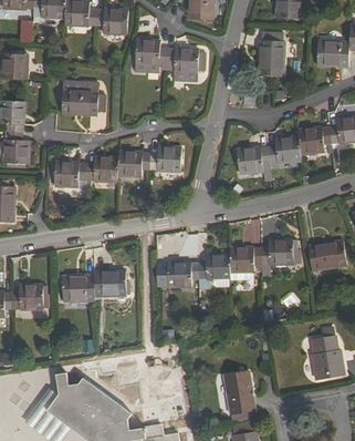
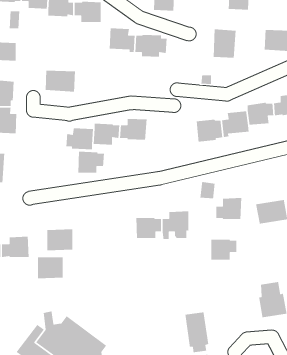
building: [54,161,86,187] -> [77,151,105,174]
building: [230,247,261,273] -> [211,239,237,260]
building: [94,270,125,297] -> [37,257,64,279]

